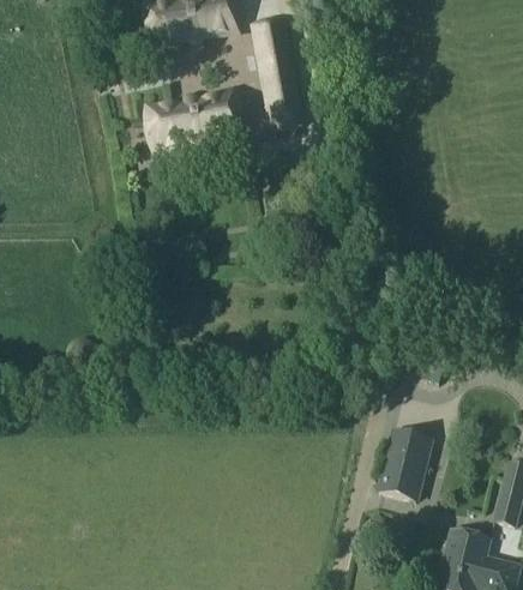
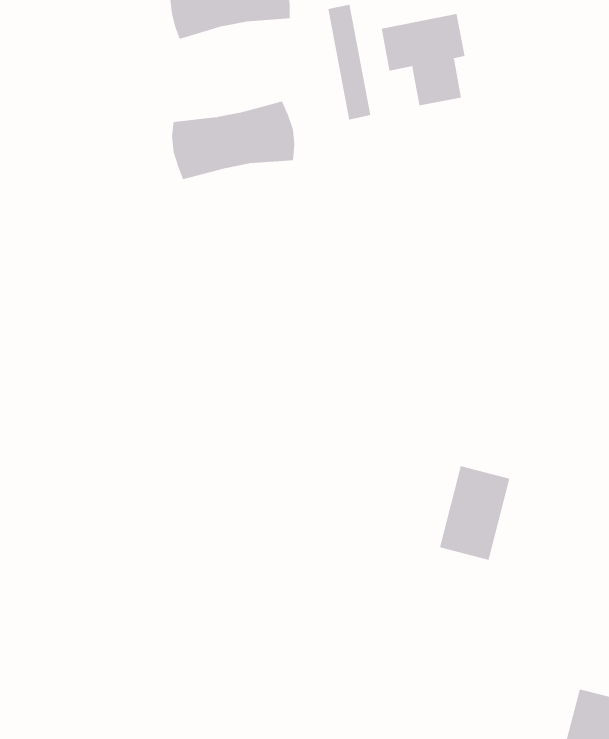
building: none -> [381,13,465,106]
building: [379,427,432,498] -> [439,465,510,561]

